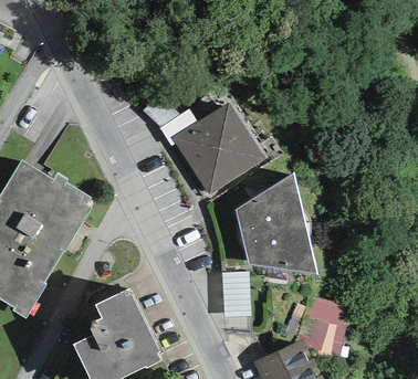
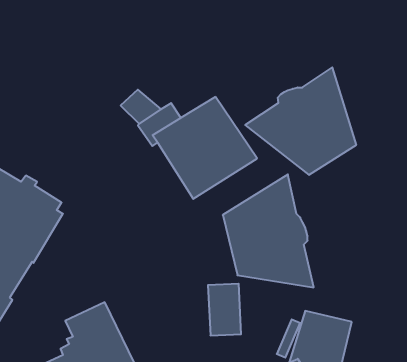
building: none -> [245,67,356,175]

